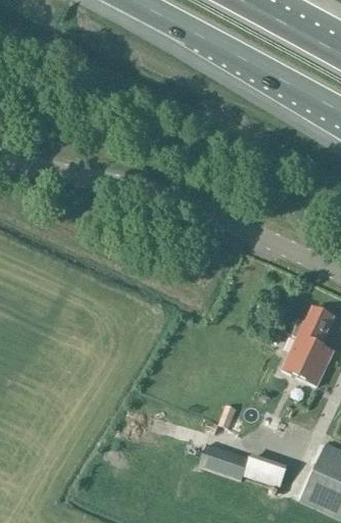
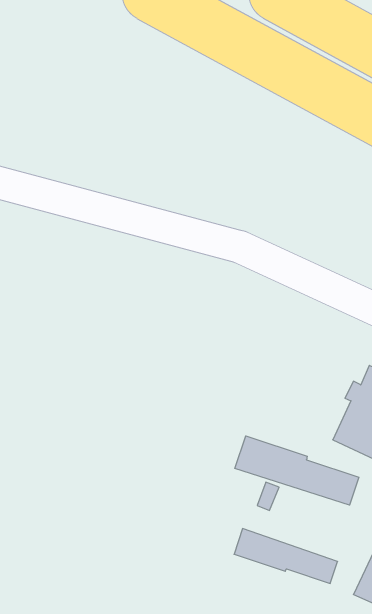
building: none -> [235,436,359,505]

